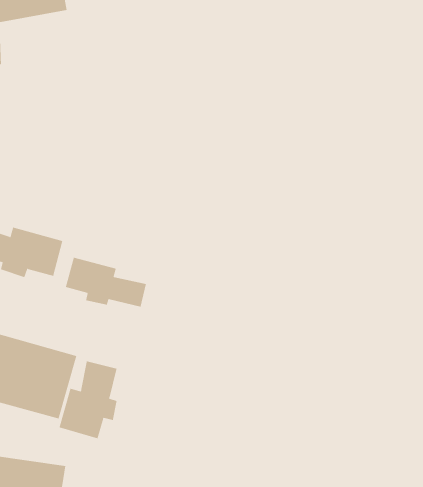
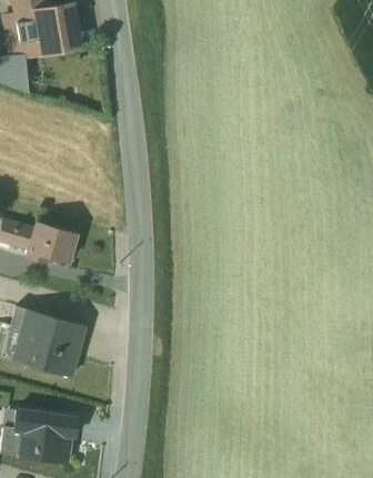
building: [65,257,146,307] -> none
building: [59,360,117,439] -> none

